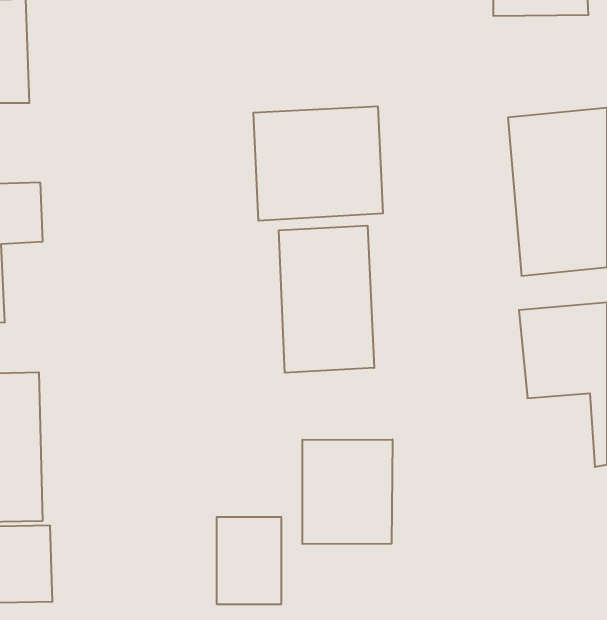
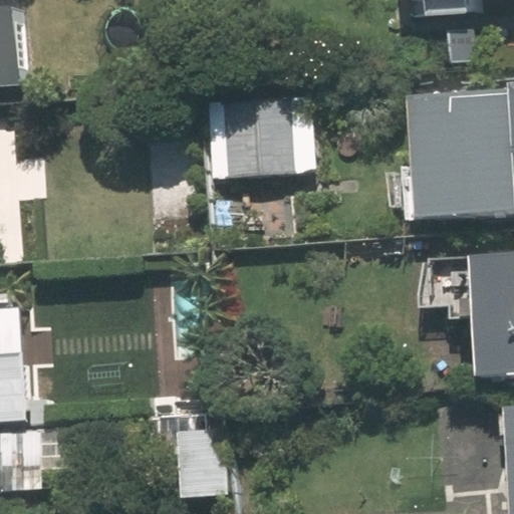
building: [279,226,374,373] -> none
building: [302,439,392,544] -> none

